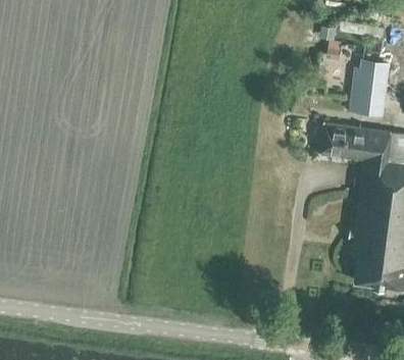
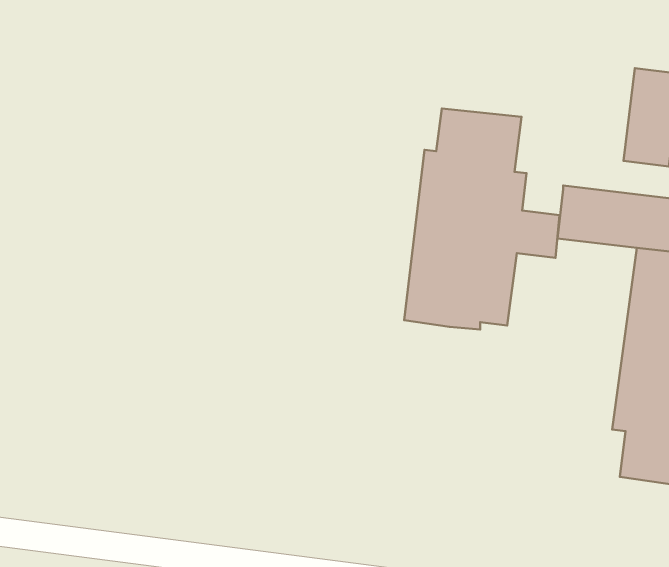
building: none -> [404,109,560,329]

